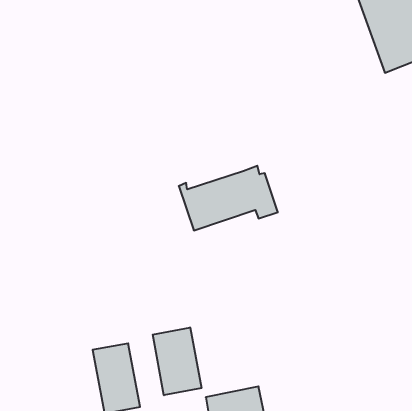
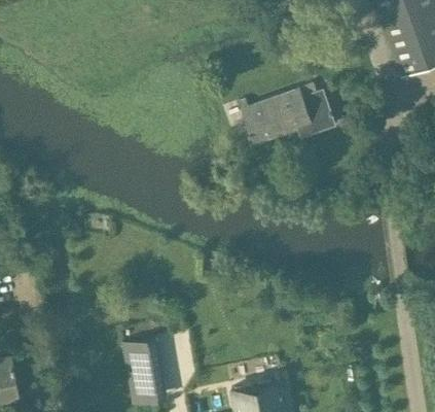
building: [179,166,278,230] -> [240,82,334,144]
building: [153,327,201,395] -> none

